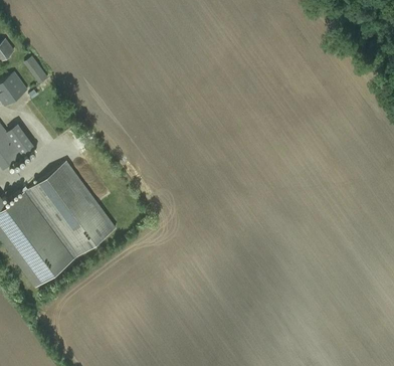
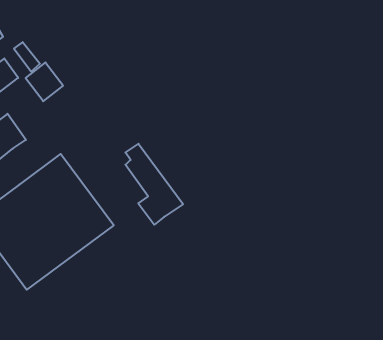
building: none -> [26,62,63,101]
building: none -> [125,144,183,225]

